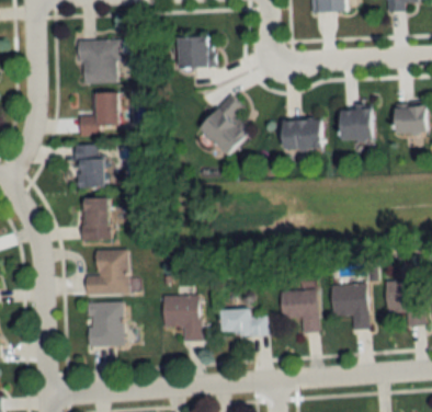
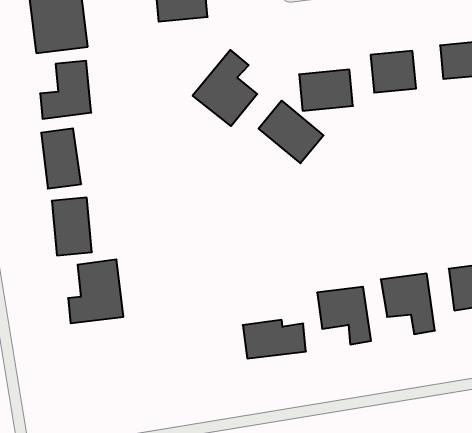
building: none -> [259,101,324,163]
building: [162,295,201,341] -> none
building: [86,304,123,346] -> none

